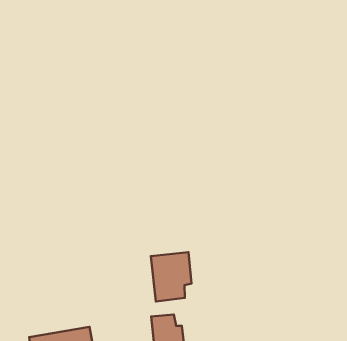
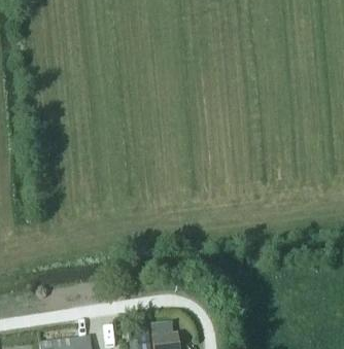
building: [151,252,192,301] -> none

